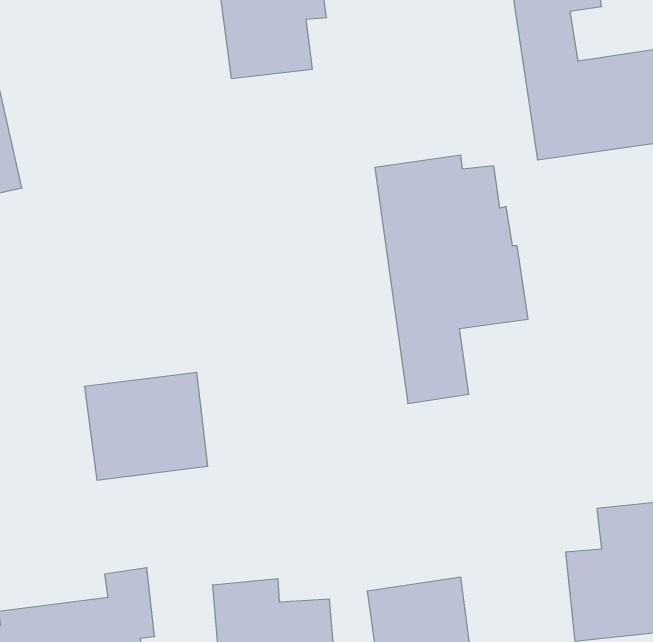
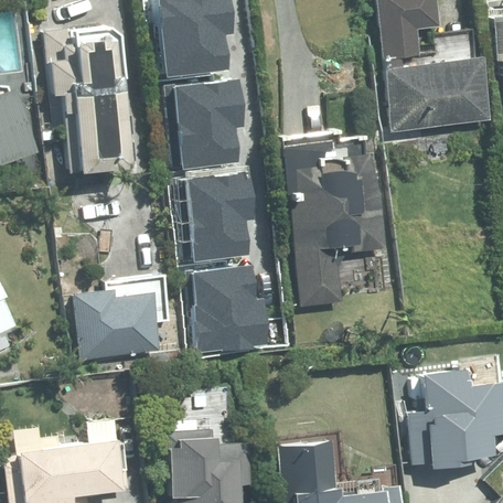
building: none -> [44,25,122,174]
building: none -> [179,81,255,168]
building: none -> [192,175,268,261]
building: none -> [200,271,275,347]

